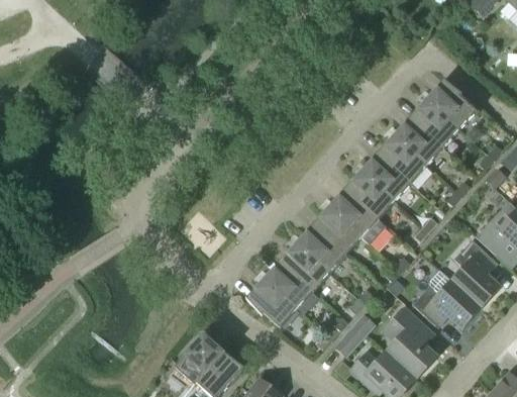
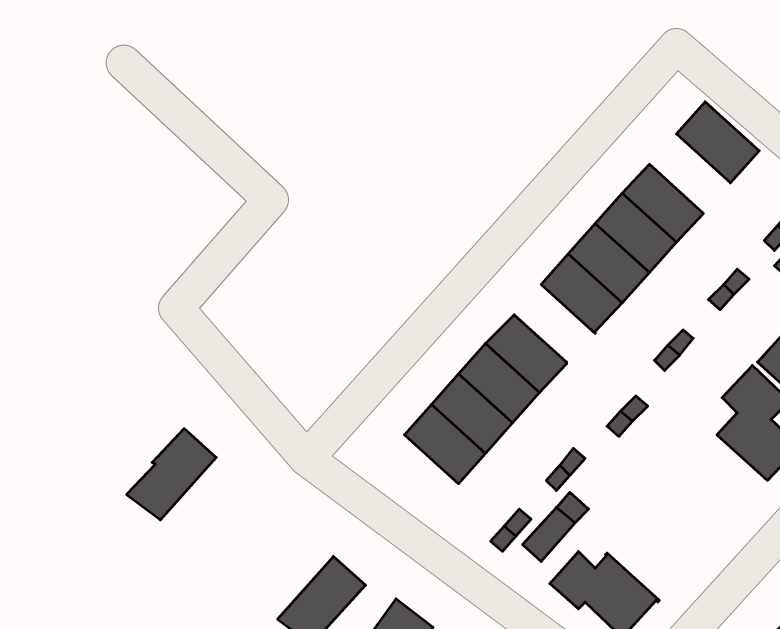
building: [411,100,459,147] -> none
building: [330,190,387,244] -> none
building: [412,270,482,327] -> none
building: [247,280,297,327] -> none
building: [386,307,436,379] -> none
building: [169,335,222,390] -> [127,429,216,520]

